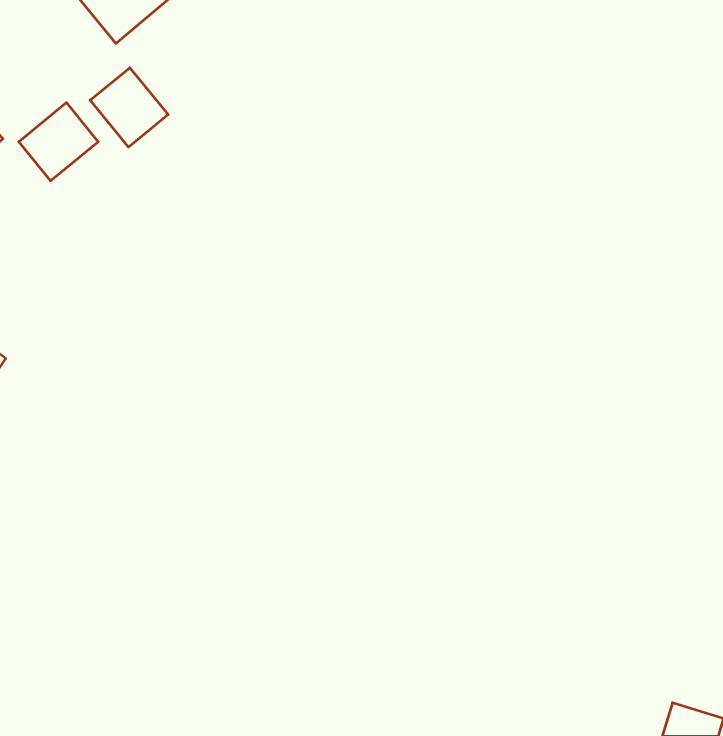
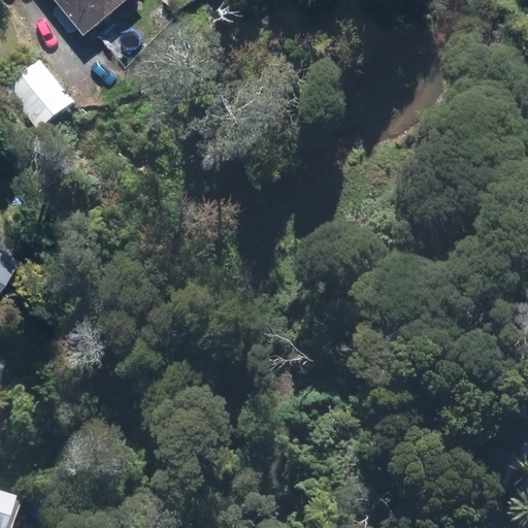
building: [90,68,168,147] -> none

